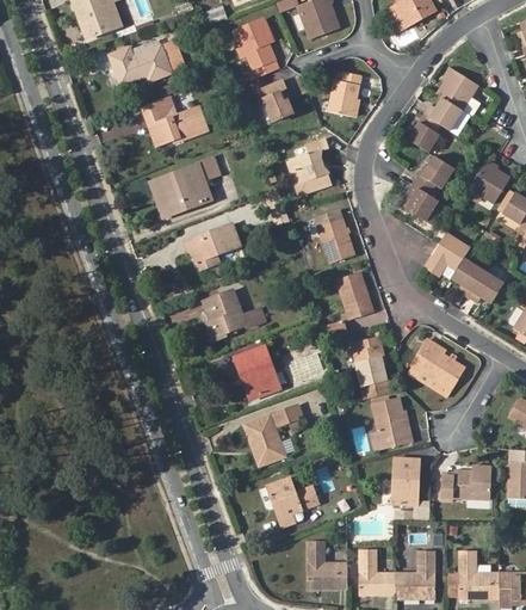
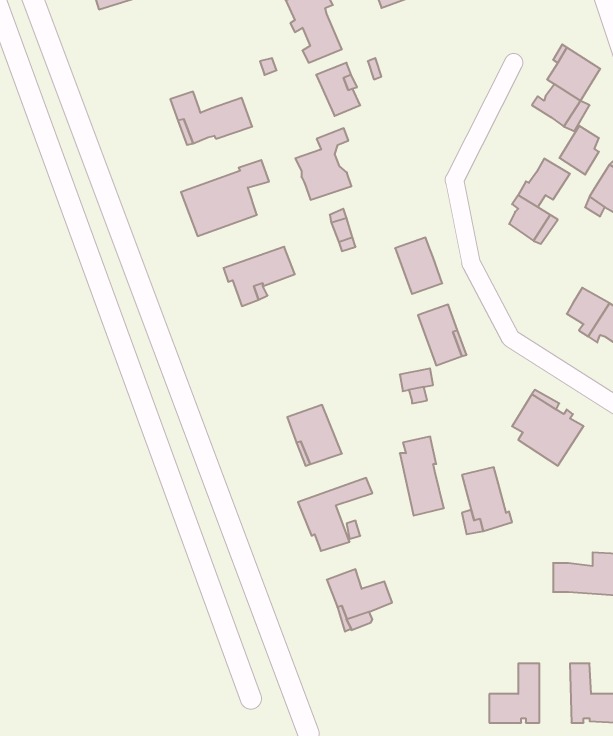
building: [109,43,182,86] -> none
building: [327,72,359,116] -> none
building: [410,113,441,152] -> [559,126,599,175]
building: [286,136,330,192] -> [295,128,352,200]
building: [426,230,472,275] -> none
building: [200,290,264,339] -> none
building: [357,335,391,398] -> [400,437,444,516]
building: [394,457,420,504] -> none
building: [303,541,344,589] -> none
building: [357,550,392,594] -> none

